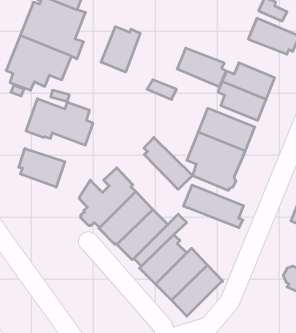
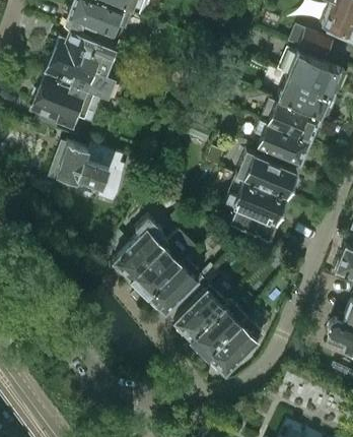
building: [101,27,140,72] -> none
building: [177,48,226,87] -> [279,79,332,121]
building: [144,137,192,189] -> none
building: [19,148,65,187] -> none
building: [184,185,243,228] -> none

